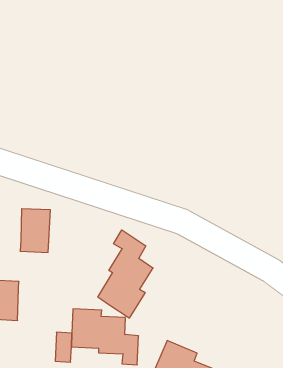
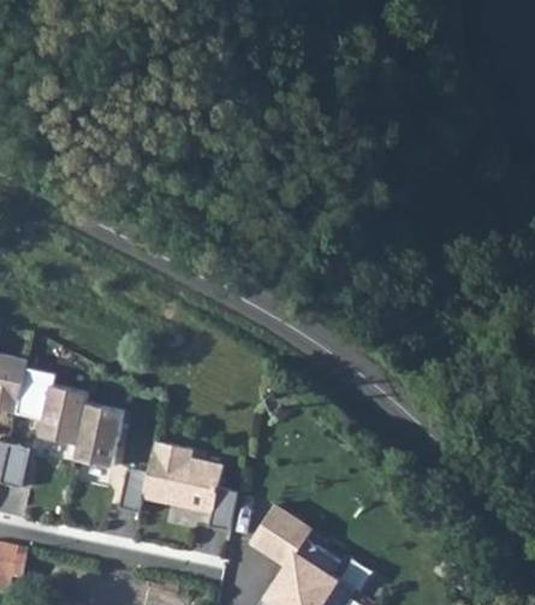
building: [20,209,50,252] -> [75,402,125,467]
building: [98,230,153,318] -> none

